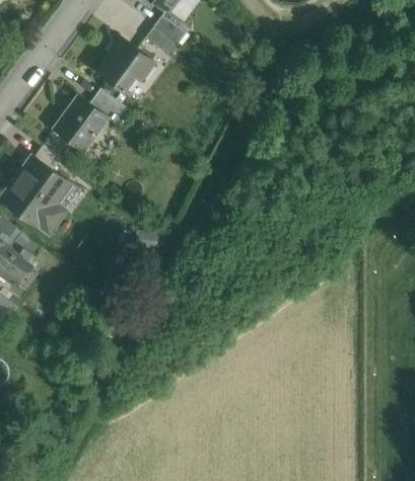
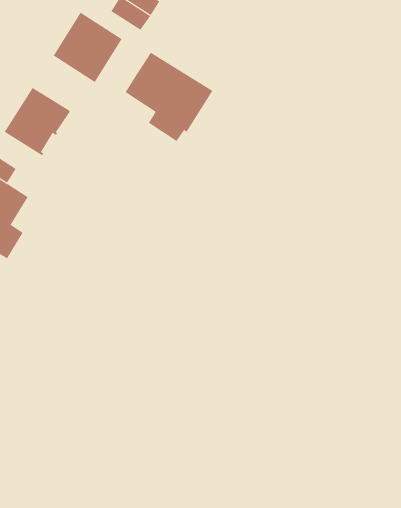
building: none -> [125,52,213,142]
building: [89,89,126,124] -> none

